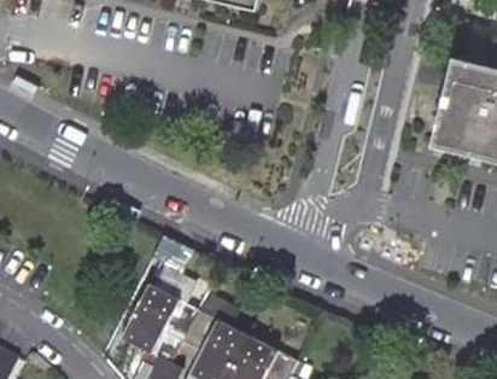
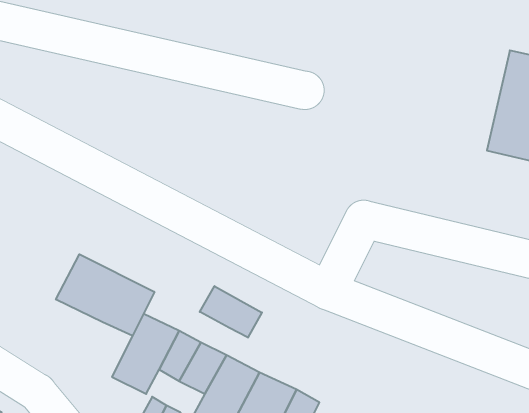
building: none -> [56,254,154,336]
building: none -> [200,286,262,338]

